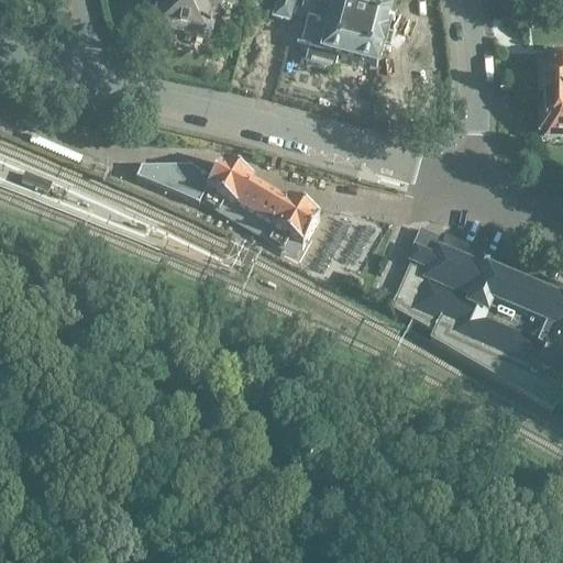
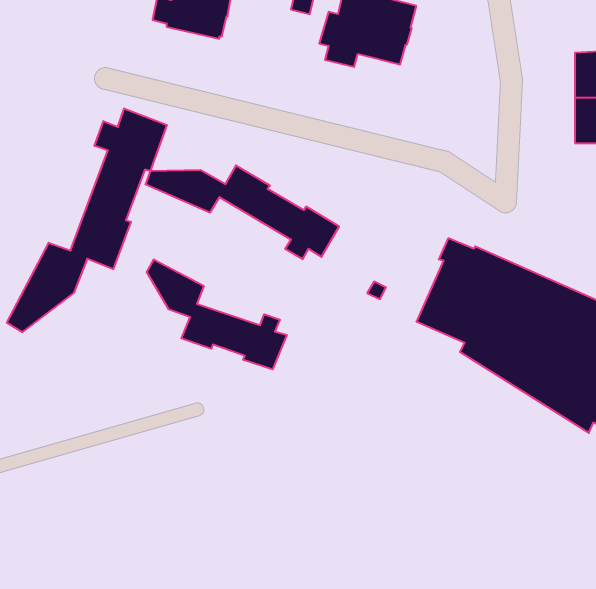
building: none -> [7,108,167,332]
building: none -> [147,259,287,369]

